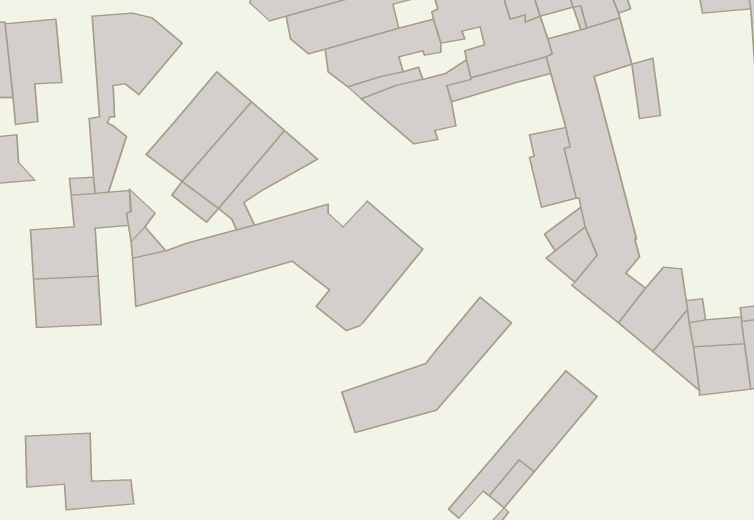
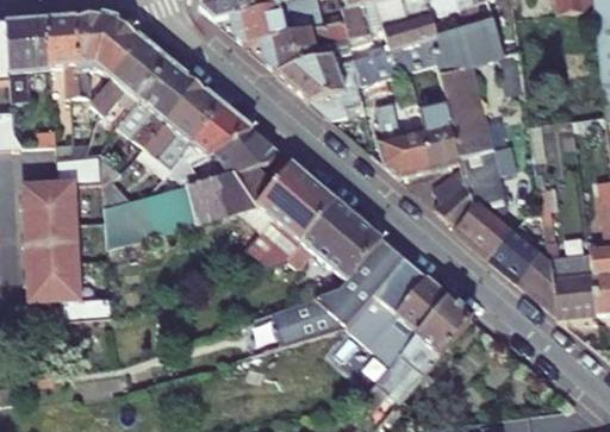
building: none -> [45,15,80,96]
building: none -> [91,37,173,115]
building: none -> [374,101,430,175]
building: none -> [208,129,279,174]
building: none -> [288,200,381,280]
building: none -> [347,258,449,365]
building: [25,433,134,510] -> [30,259,116,320]

